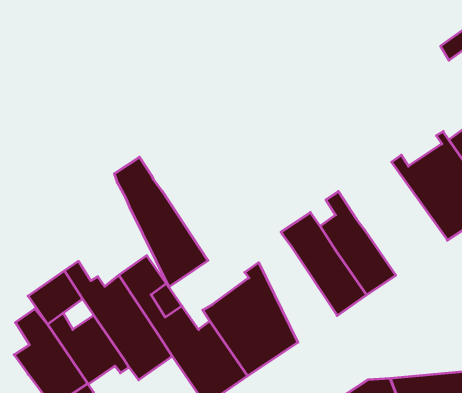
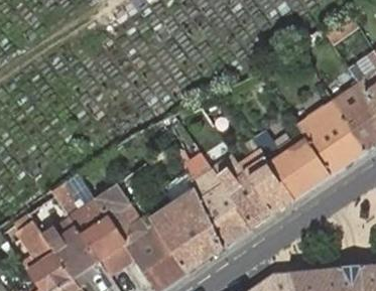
building: [114,157,208,287] -> [184,154,252,248]
building: none -> [253,130,332,199]

